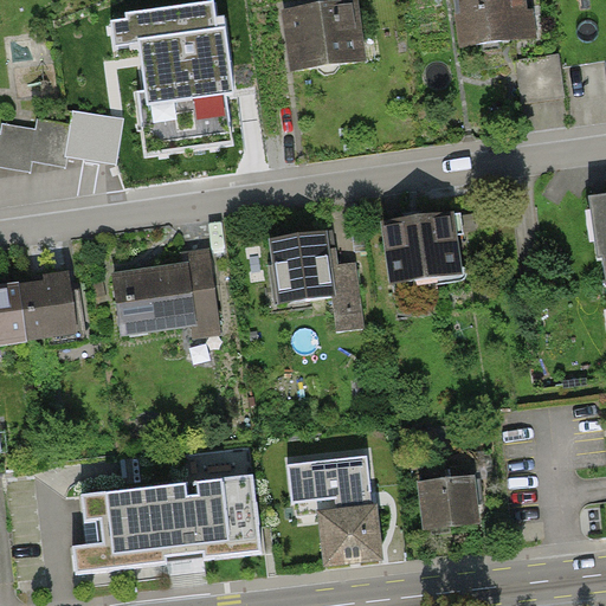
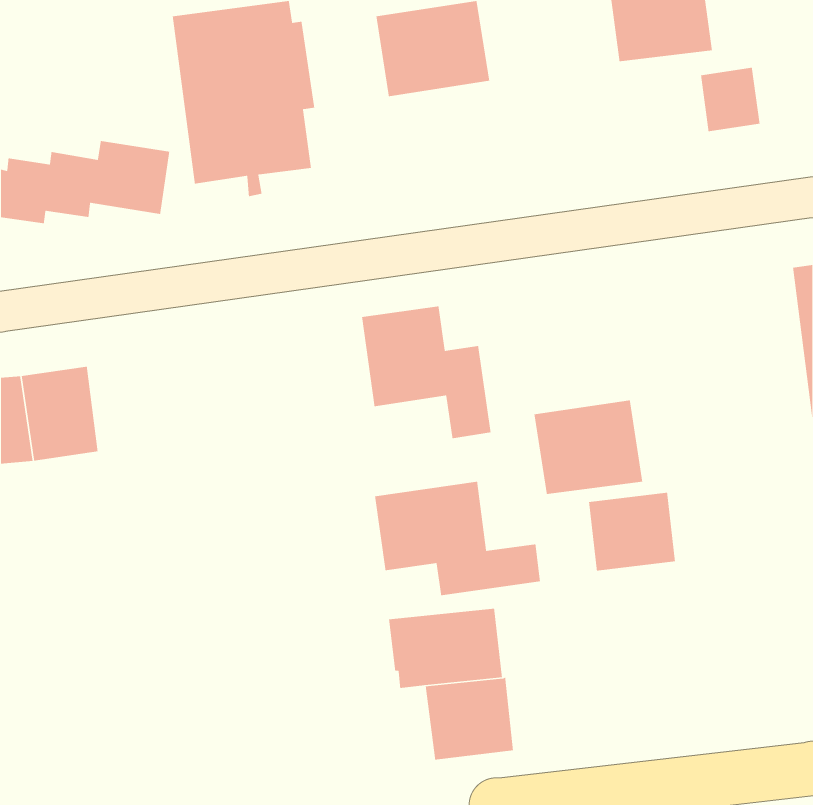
building: [381,209,463,281] -> [533,399,643,495]
building: [111,247,223,341] -> none
building: none -> [374,481,541,596]
building: [73,472,263,569] -> none
building: [415,473,481,533] -> [588,492,676,571]

